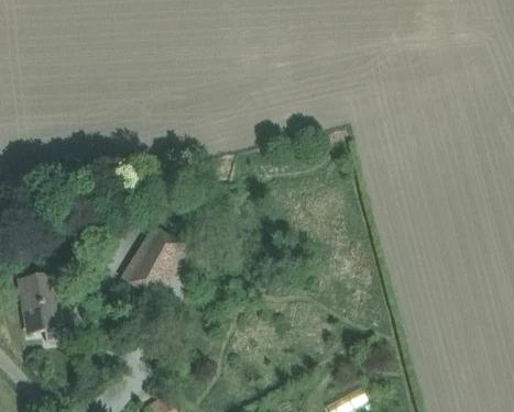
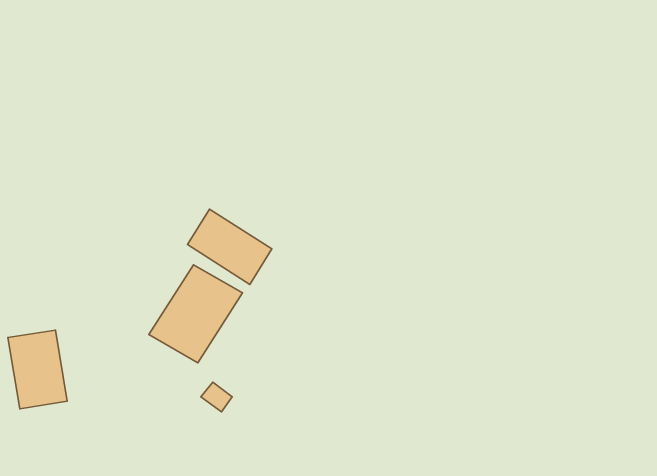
building: none -> [187,209,272,284]

